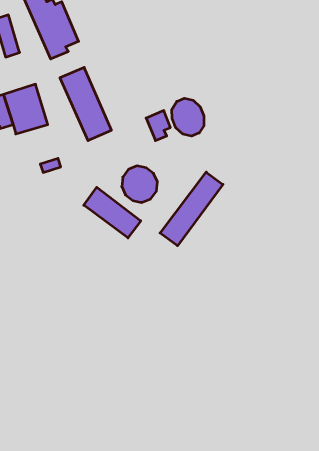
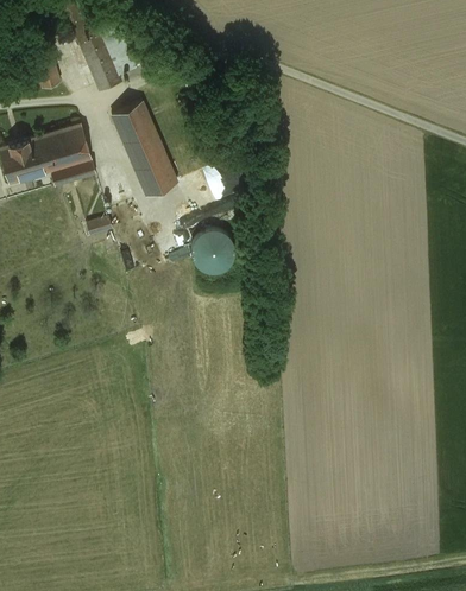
building: [172,98,204,136] -> none
building: [160,172,223,246] -> none
building: [84,187,141,238] -> none

